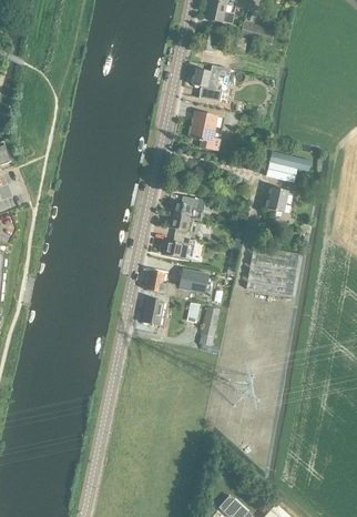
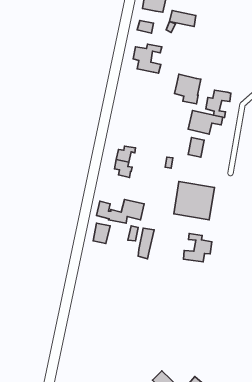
building: [188,111,223,150] -> [174,74,201,104]
building: none -> [206,90,231,118]
building: [162,236,194,260] -> none
building: none -> [184,233,212,262]

